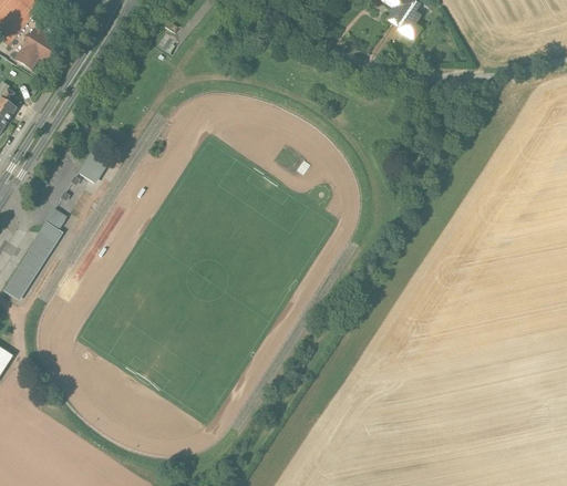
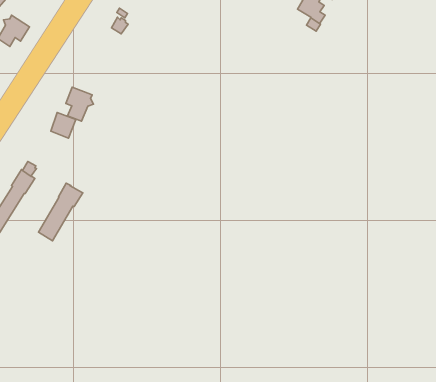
building: none -> [66,87,93,121]
building: none -> [39,183,83,241]

